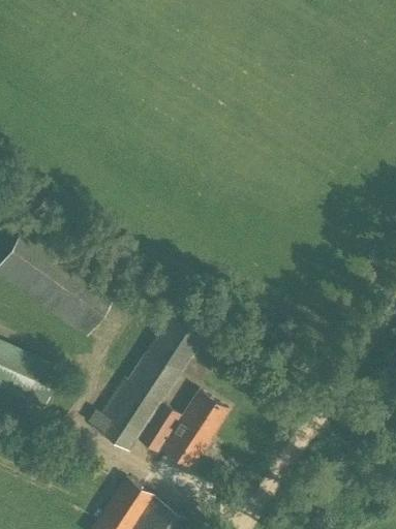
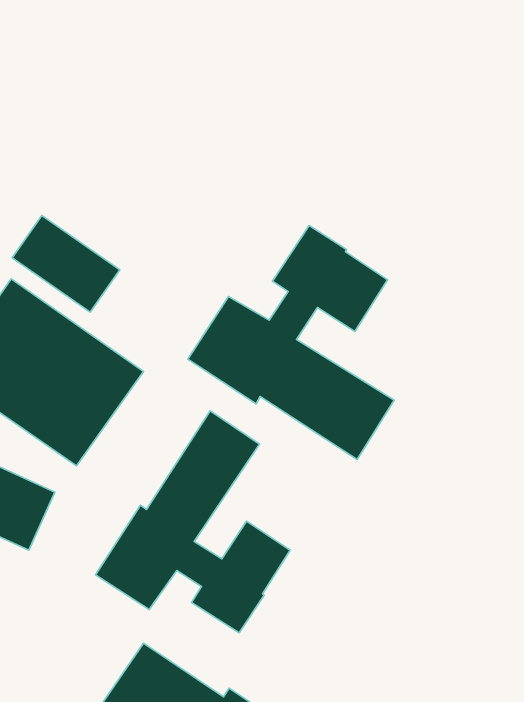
building: none -> [12,215,120,312]
building: none -> [188,226,394,459]

